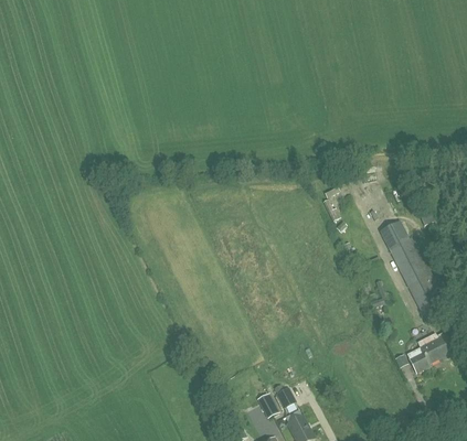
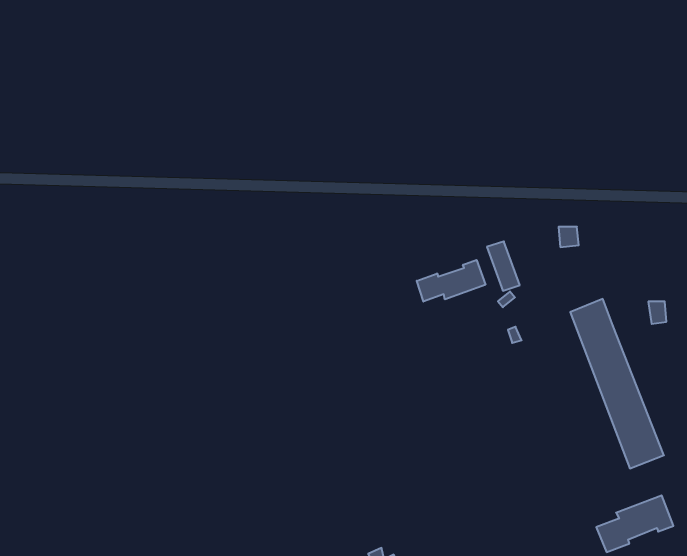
building: none -> [417,260,485,302]

